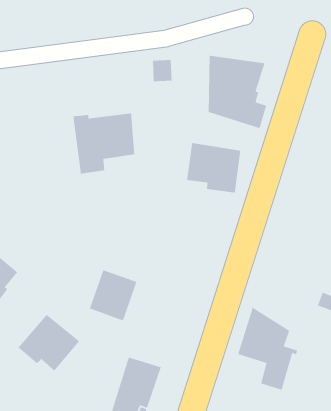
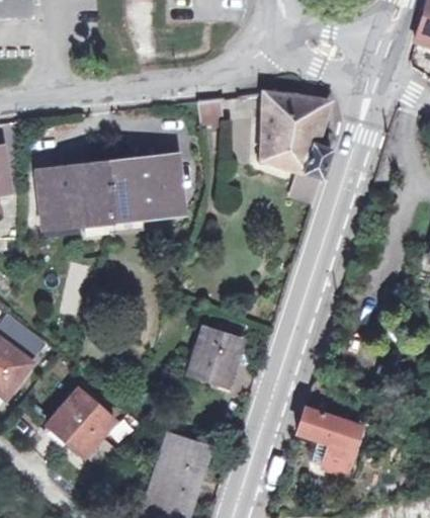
building: none -> [40,162,115,233]
building: [186,142,241,193] -> none
building: [89,269,138,321] -> [187,325,243,384]

